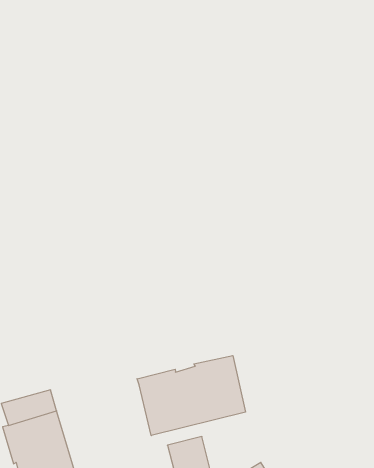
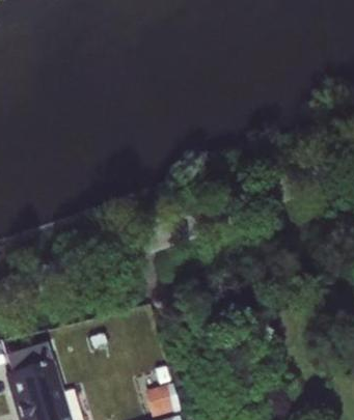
building: [137,356,245,436] -> none

